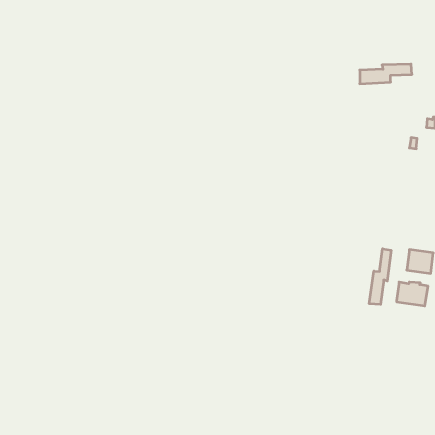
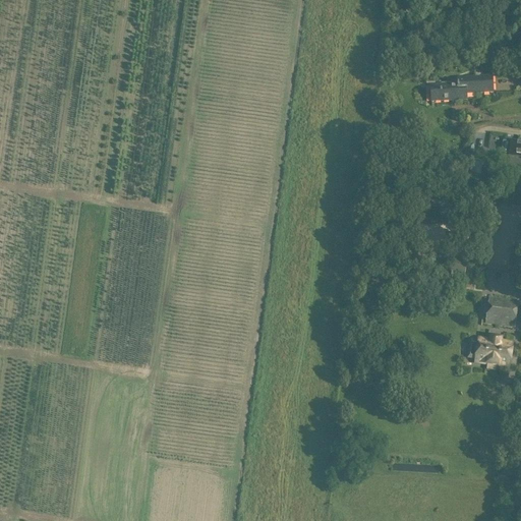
building: [369,249,391,304] -> none

